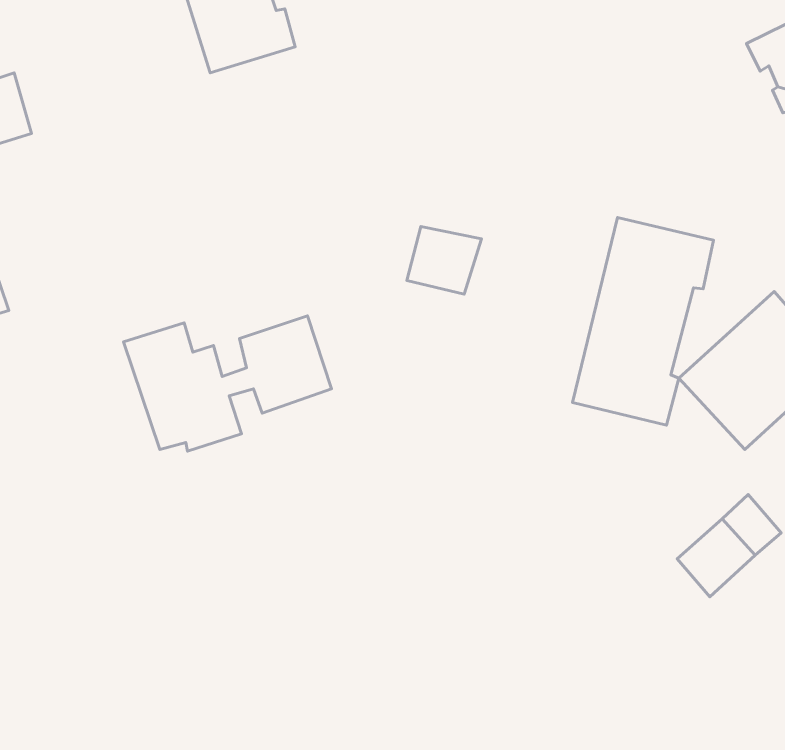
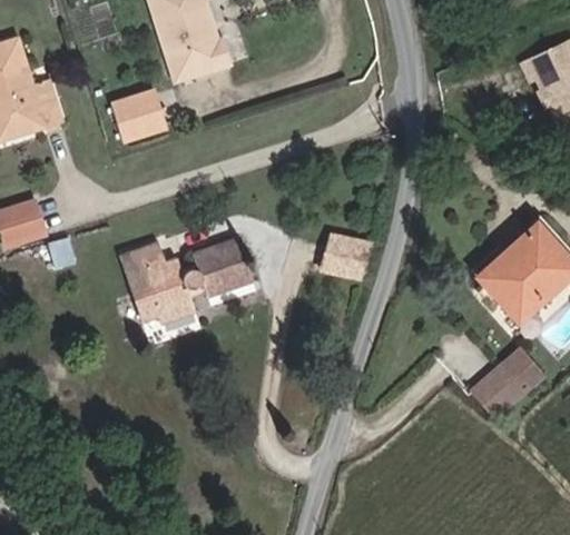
building: none -> [115,92,165,139]
building: [573,218,713,425] -> none
building: [407,227,482,294] -> [322,235,370,278]

